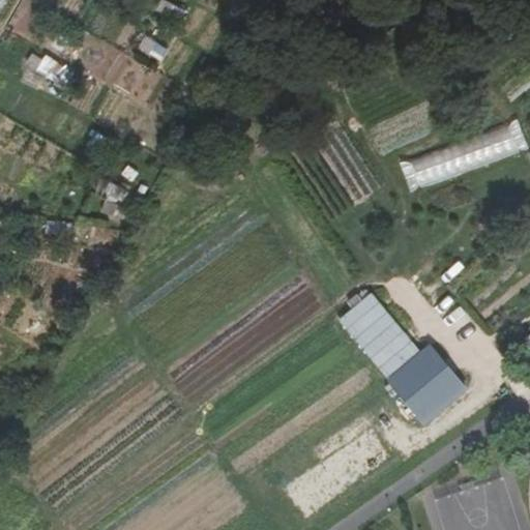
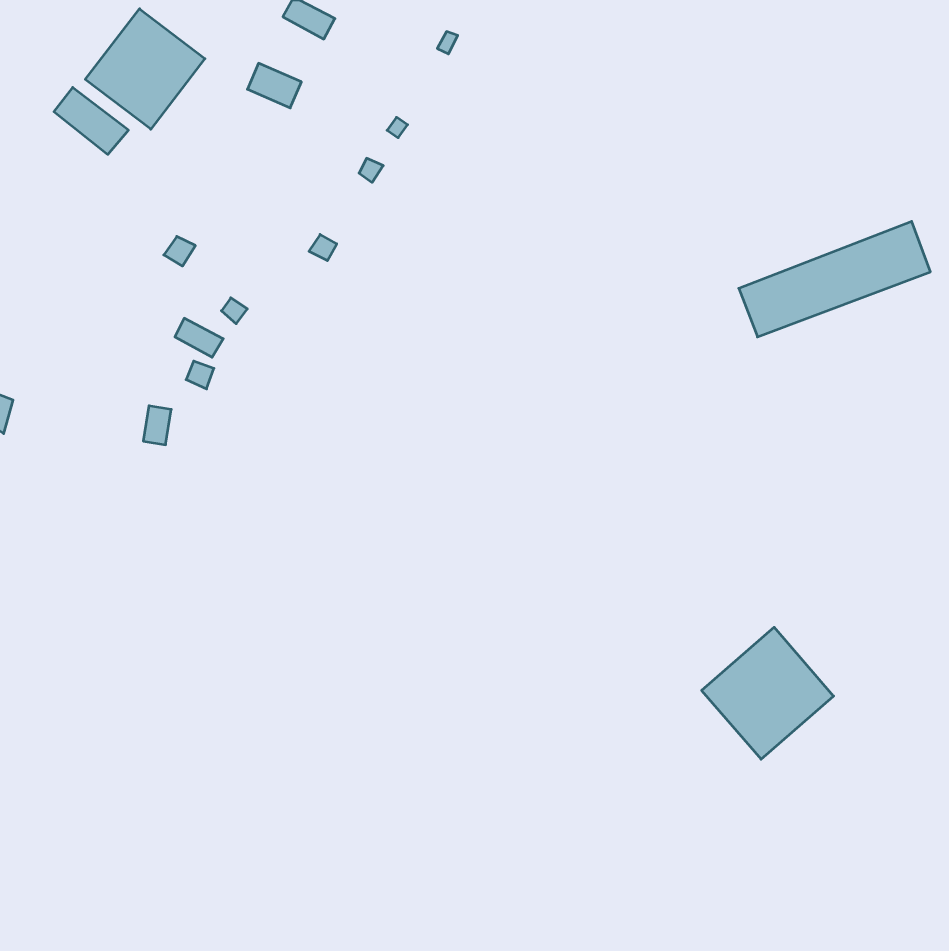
building: none -> [85,9,205,129]
building: [341,295,419,378] -> none

